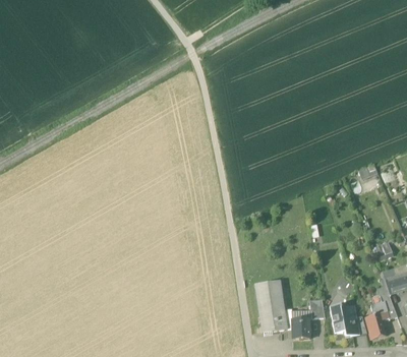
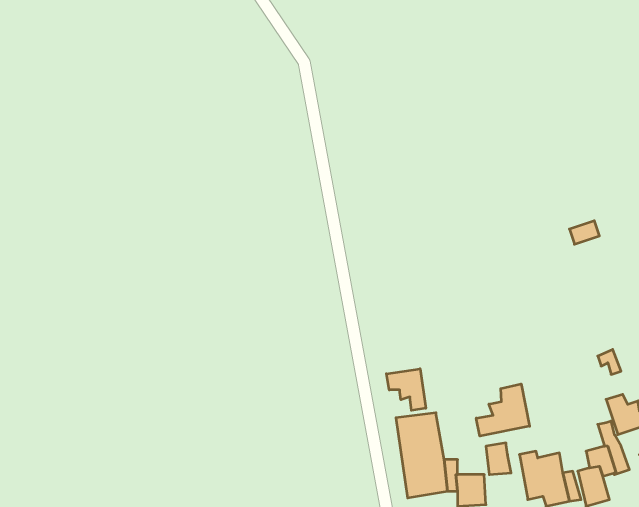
building: none -> [386,369,426,410]
building: none -> [476,384,530,436]

